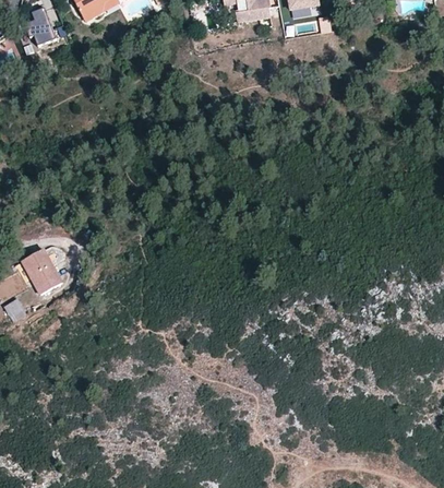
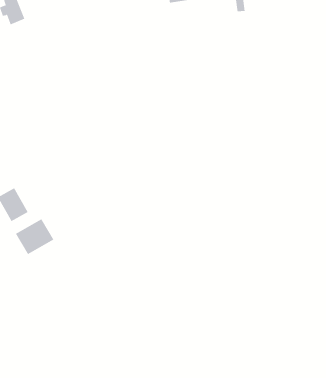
building: none -> [15,218,54,255]

